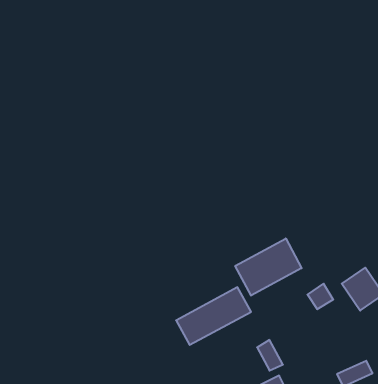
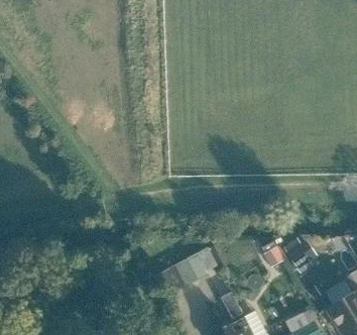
building: [235,238,302,296] -> none

